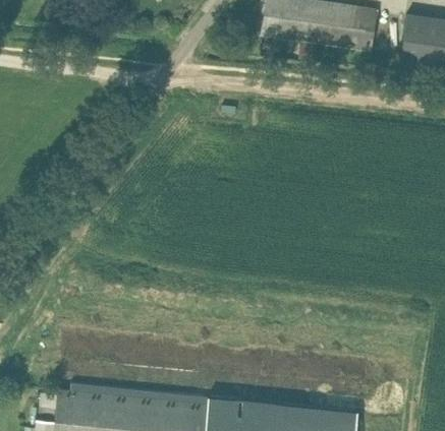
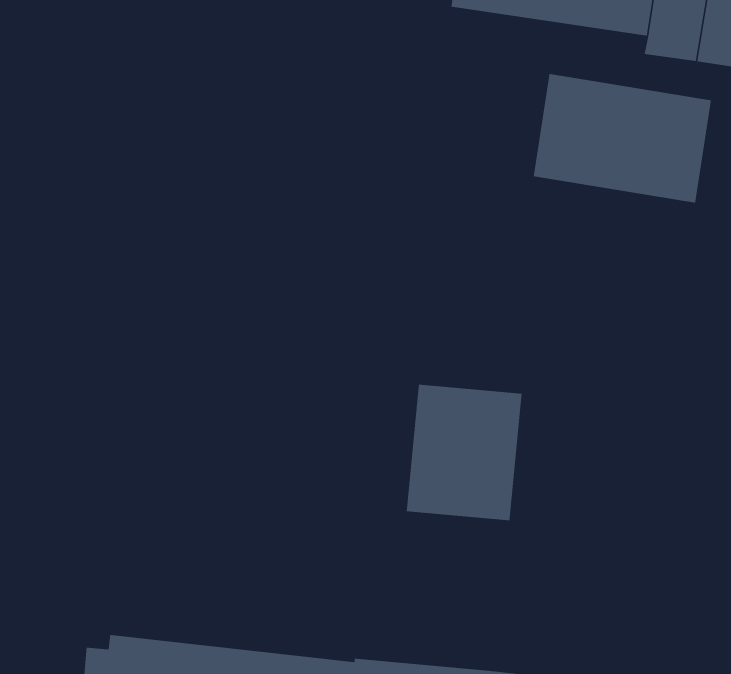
building: none -> [533,73,711,203]
building: none -> [406,384,522,521]

